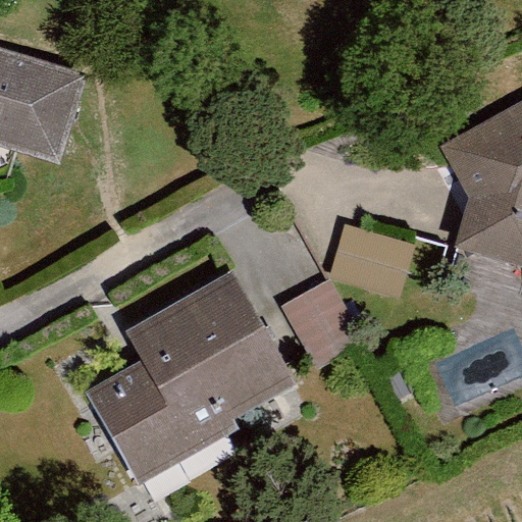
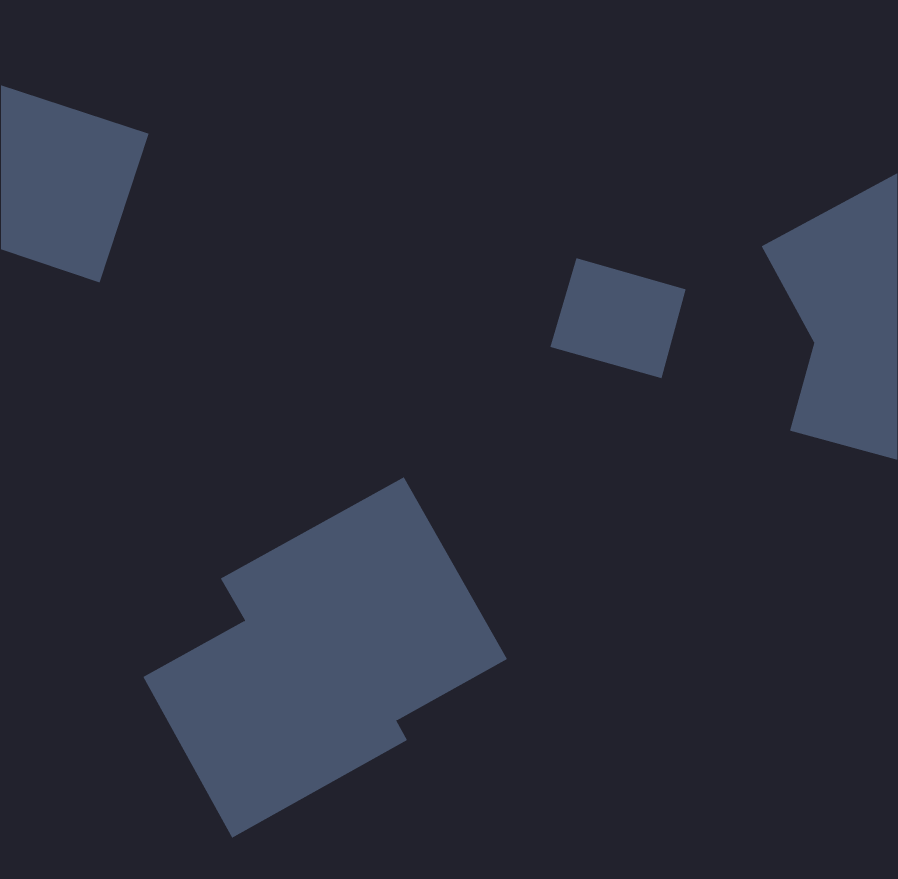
building: [331,221,411,292] -> [550,258,687,379]
building: [280,277,355,369] -> none

